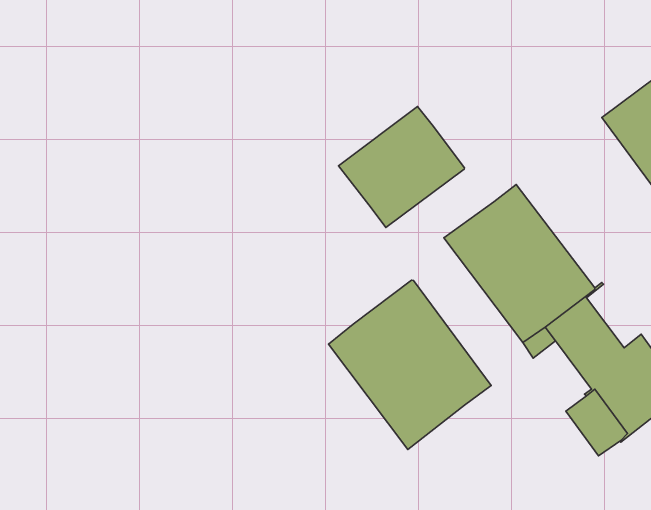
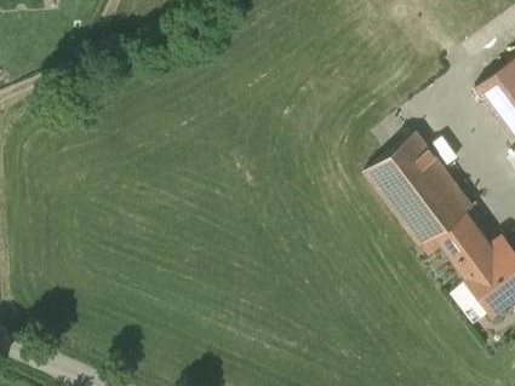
building: [339,106,465,227] -> none
building: [328,280,491,450] -> none

